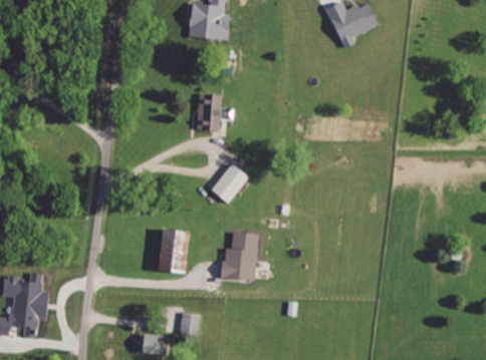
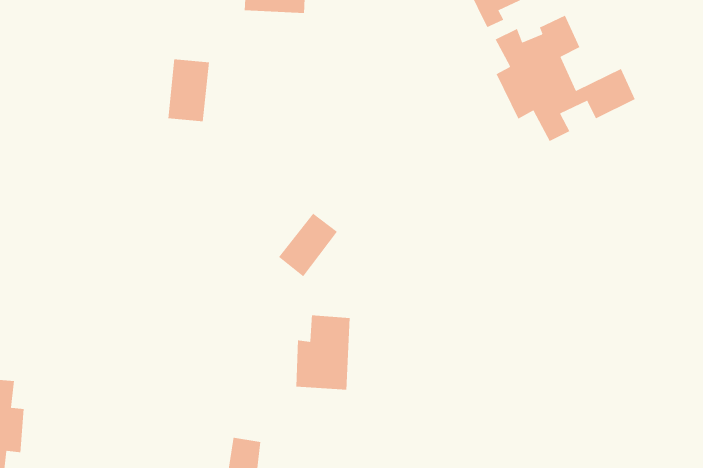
building: none -> [495,15,635,142]
building: [197,93,224,133] -> [167,59,210,122]
building: [158,229,192,273] -> none

